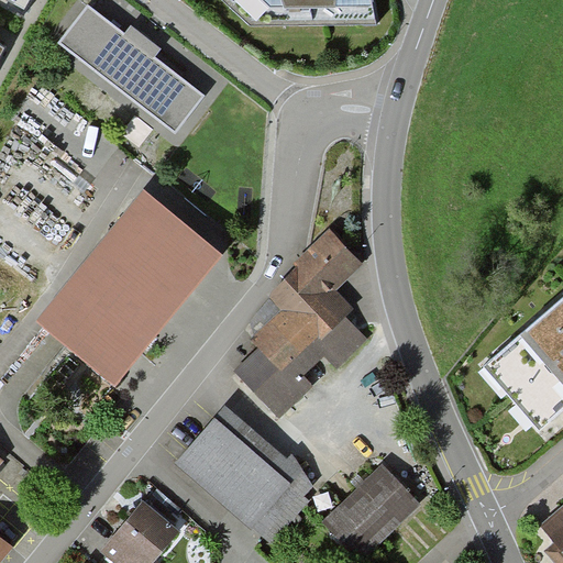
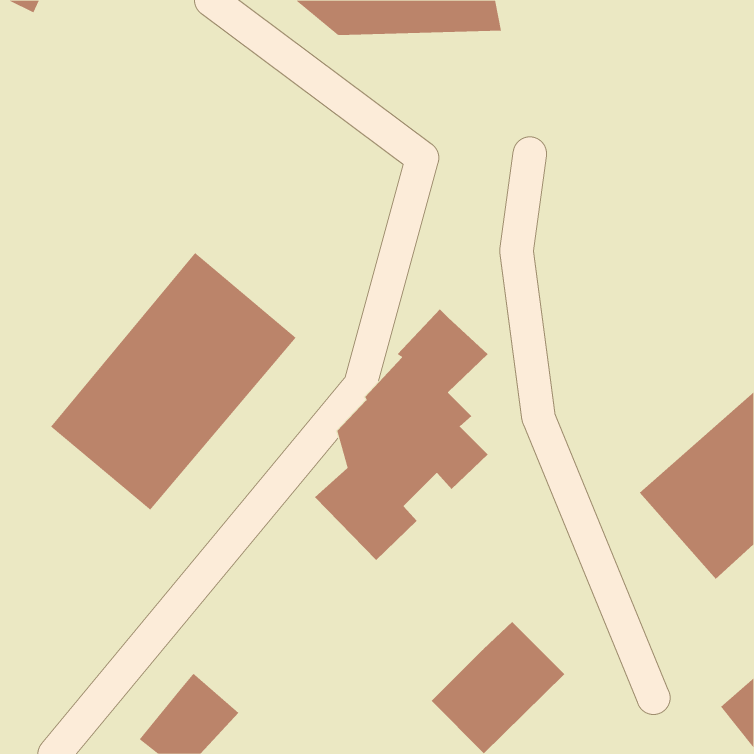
building: [58,5,203,133] -> none
building: [177,406,313,544] -> none

